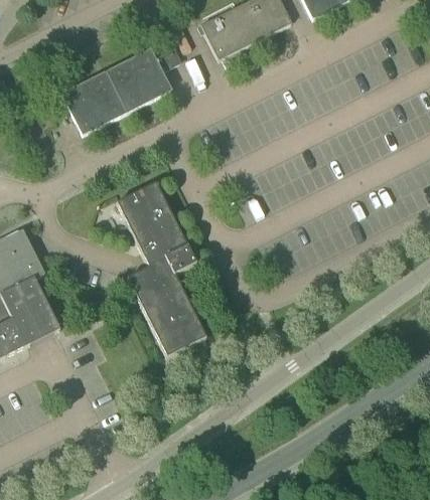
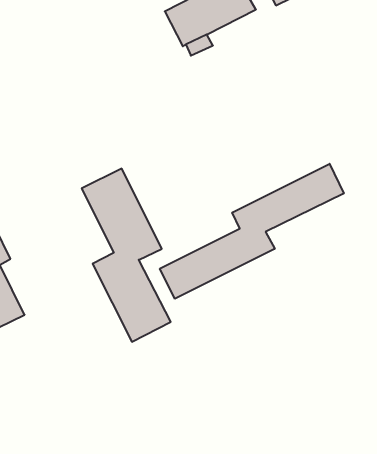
building: [62,40,181,134] -> none
building: none -> [160,164,344,299]

